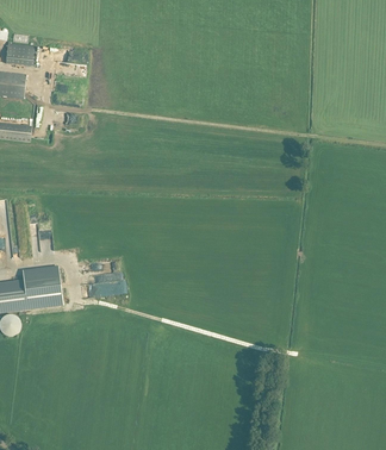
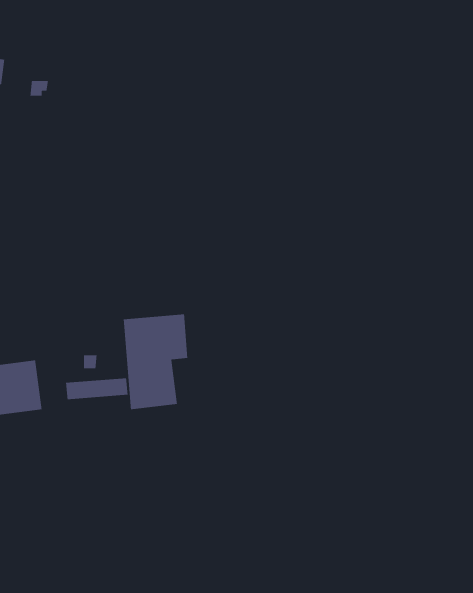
building: none -> [123,314,188,410]

